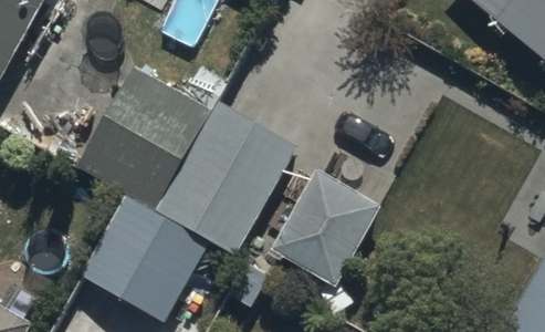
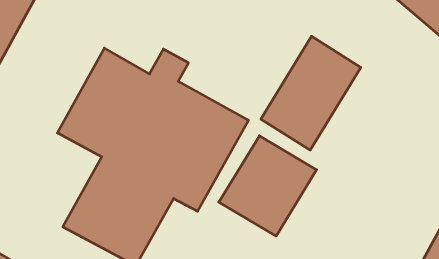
building: none -> [261,36,361,150]

